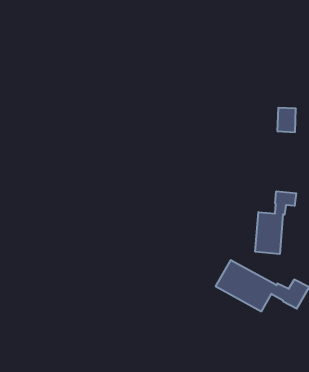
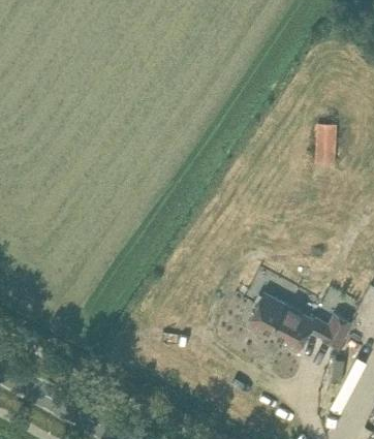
building: [255,191,296,254] -> none

